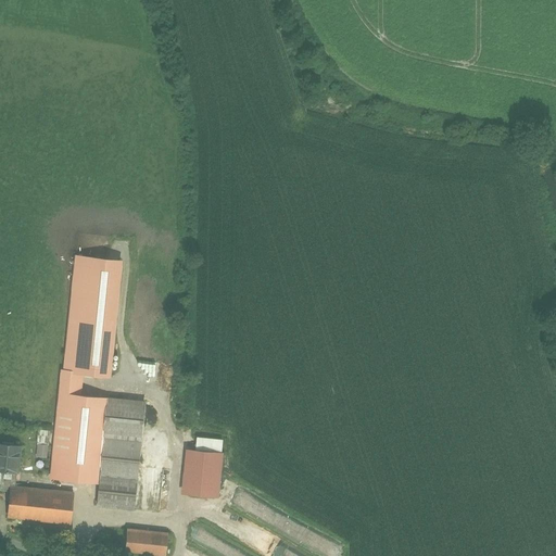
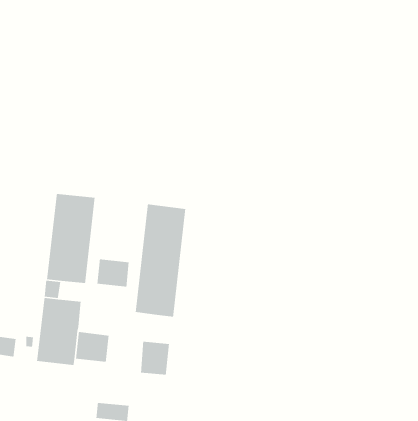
building: none -> [135,203,186,317]
building: [104,397,148,435] -> [97,258,130,287]
building: [96,473,139,508] -> none
building: [8,488,77,526] -> none

